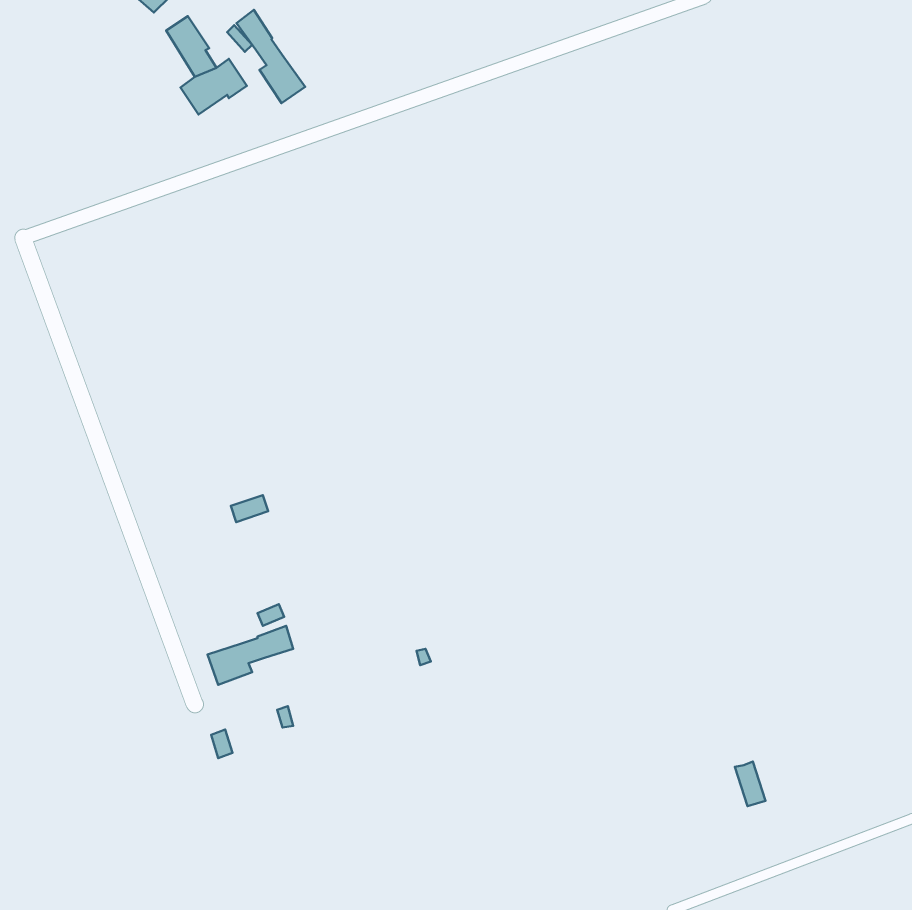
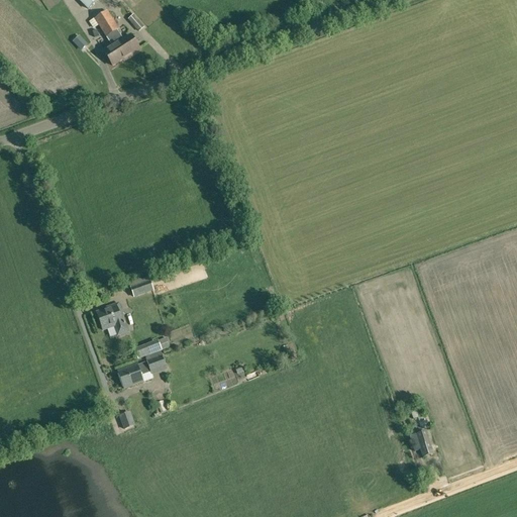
building: [236,10,305,103] -> none
building: none -> [96,302,127,334]

